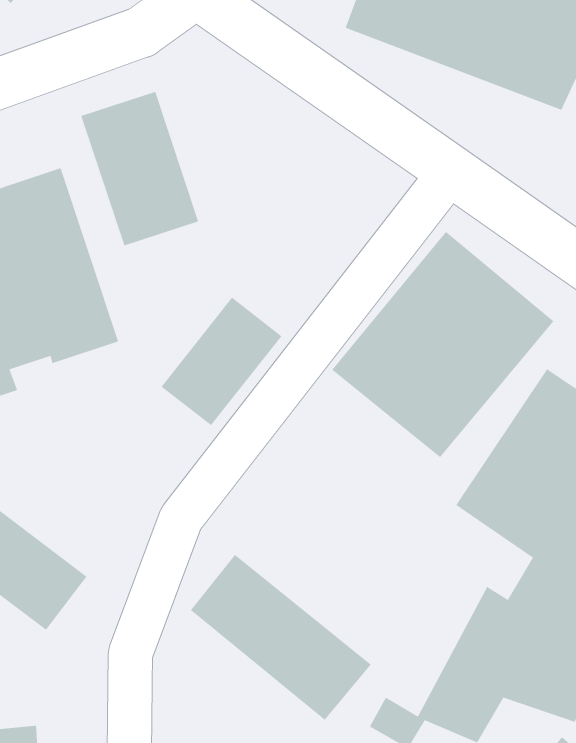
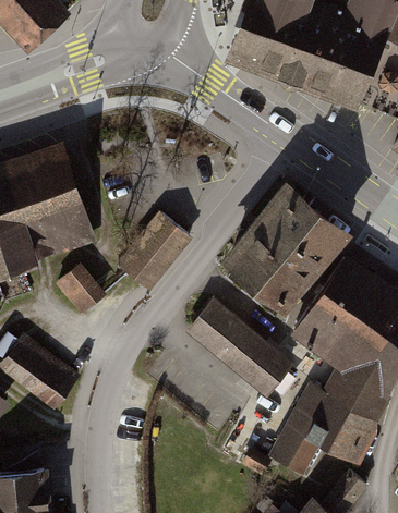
building: [80,91,199,247] -> none
building: none -> [57,265,105,314]
building: [190,554,372,721] -> [186,298,292,395]

